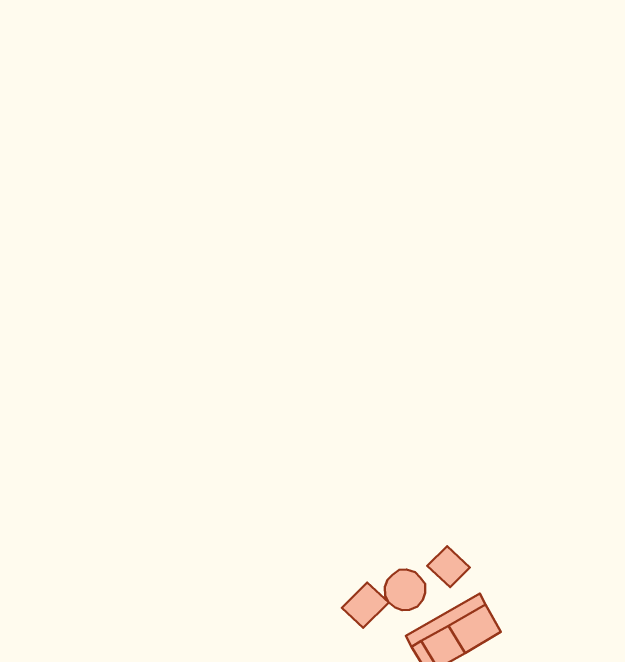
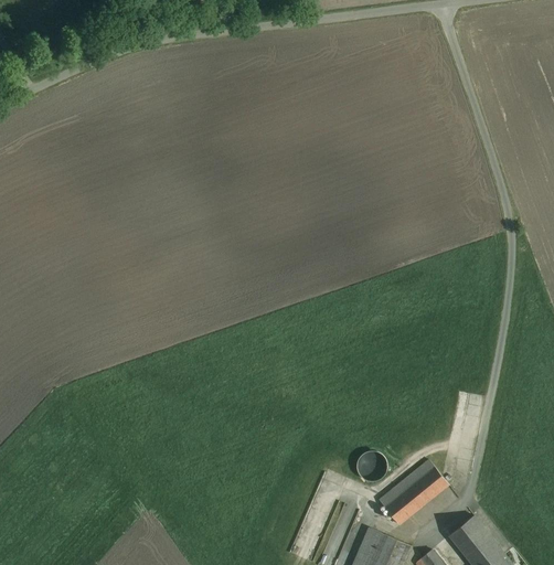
building: [427,546,470,587] -> none
building: [342,583,389,628] -> none

